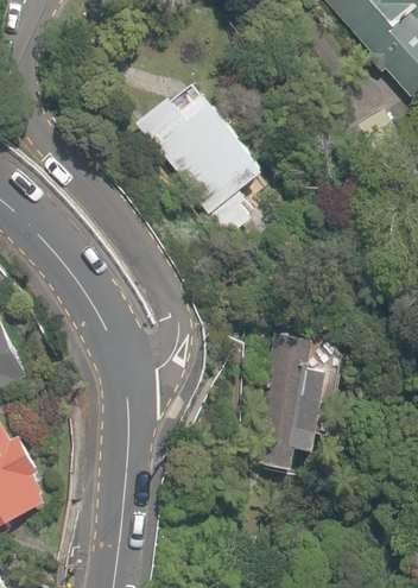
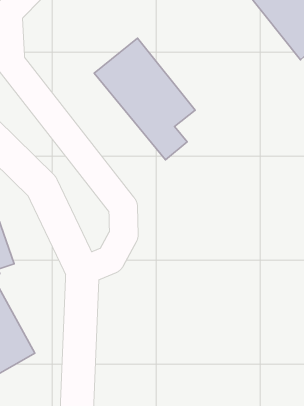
building: [256,333,330,473] -> none

